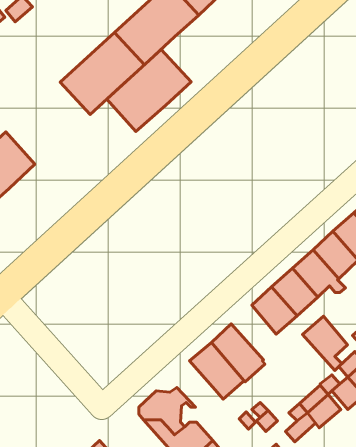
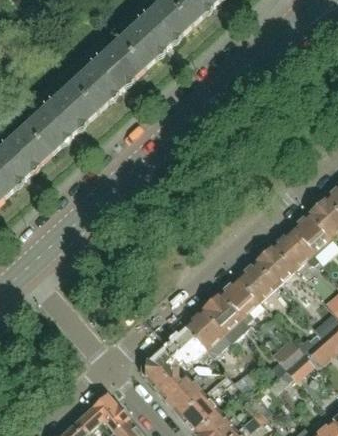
building: [107,50,191,132] -> [24,83,97,154]
building: [303,316,348,370] -> [219,276,258,323]
building: none -> [154,324,205,364]

